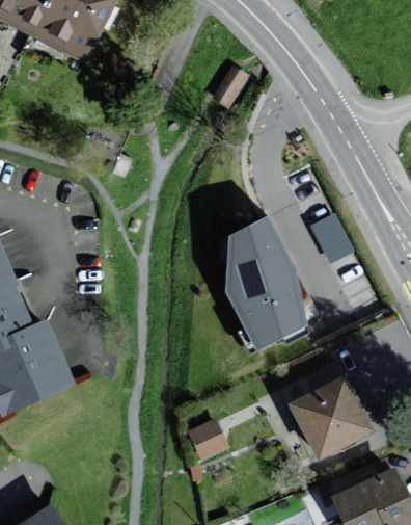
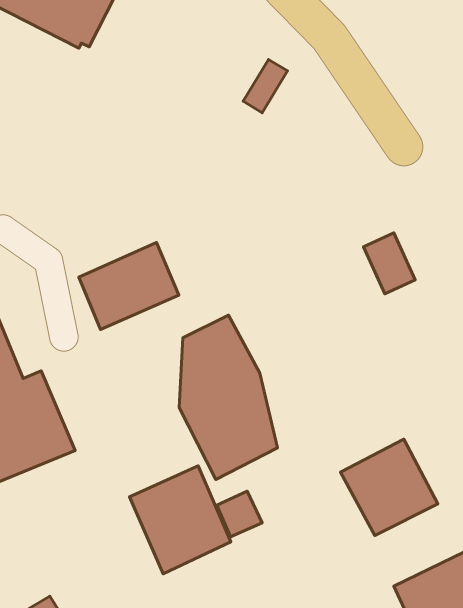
building: [227,214,308,349] -> [179,315,278,480]
building: none -> [79,242,179,329]
building: none -> [129,466,231,574]

